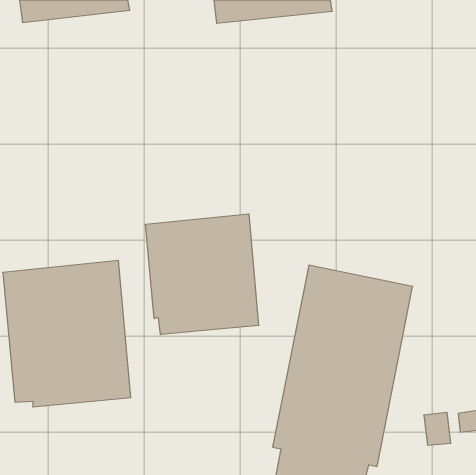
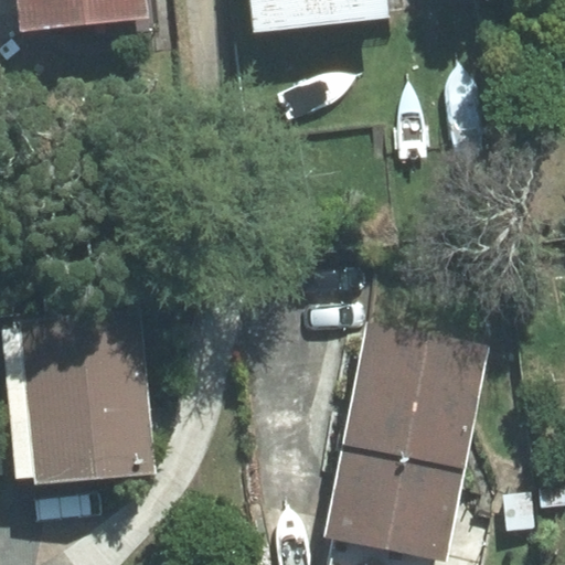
building: [146,214,258,335] -> none

